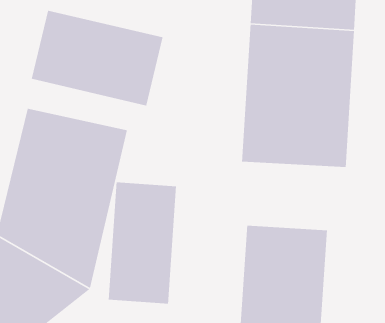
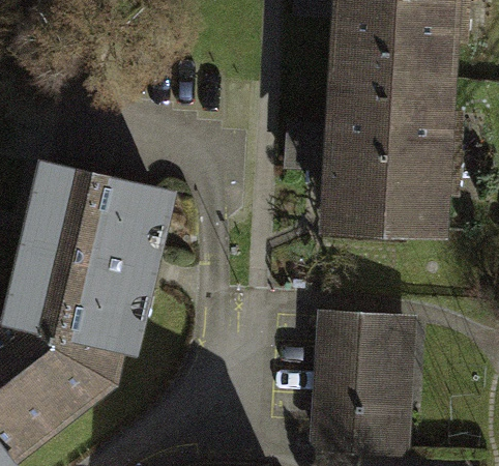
building: [31,10,164,106] -> none
building: [108,181,177,304] -> none

